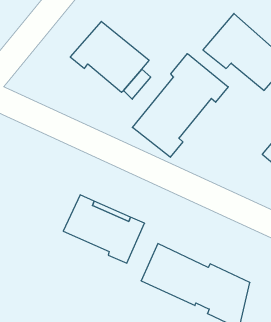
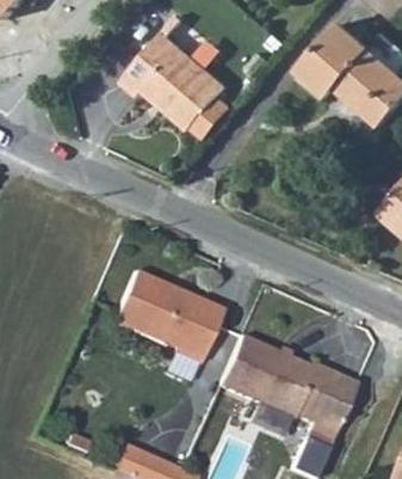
building: [132,54,228,157] -> none

